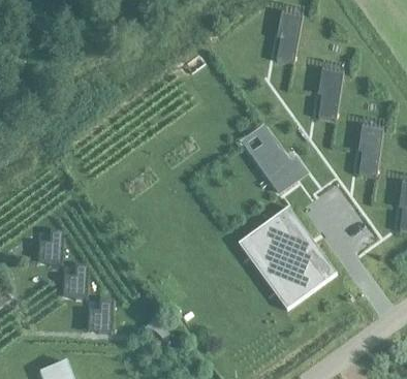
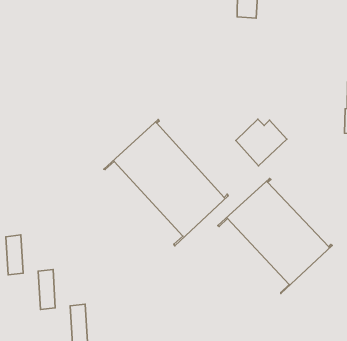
building: [317,71,342,119] -> none
building: [241,124,283,168] -> none
building: none -> [104,120,228,246]

